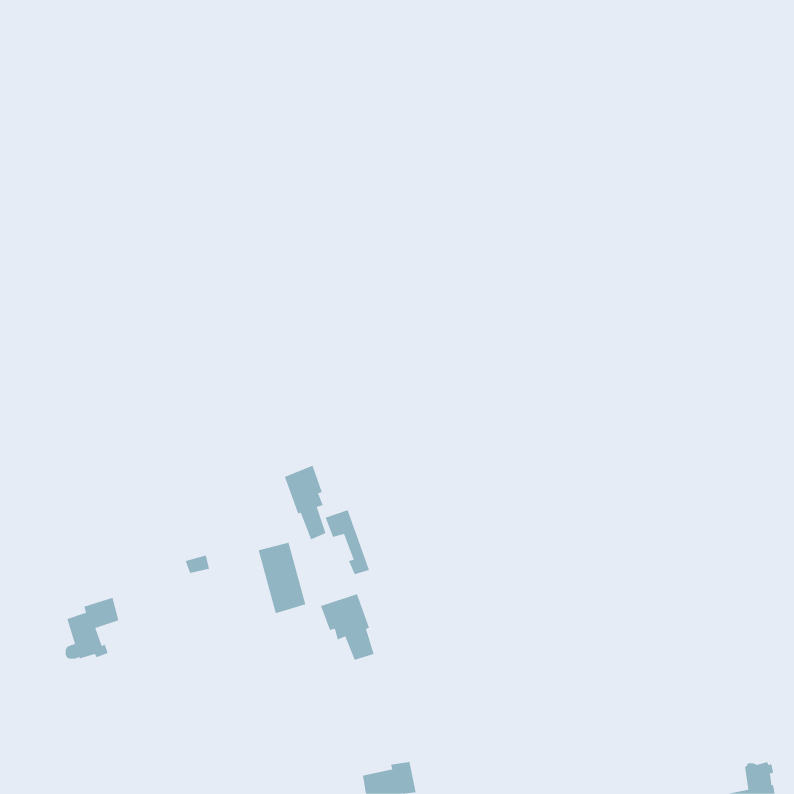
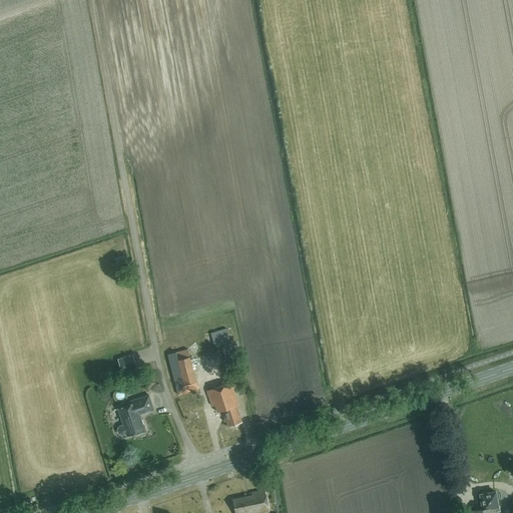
building: [284,465,326,540] -> none
building: [65,597,119,659] -> [118,395,153,435]

